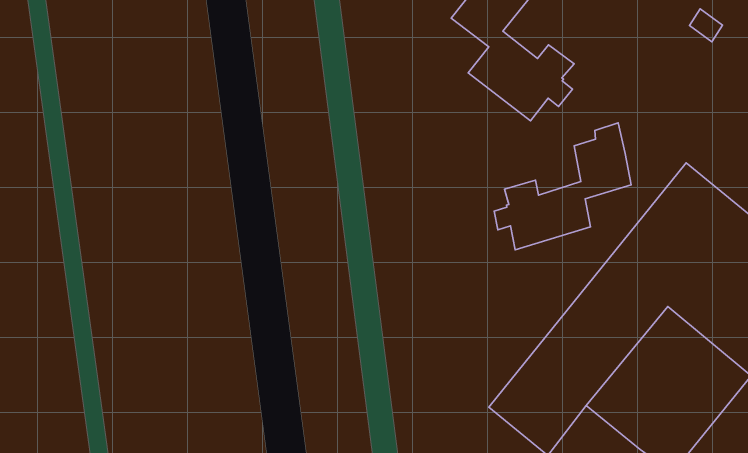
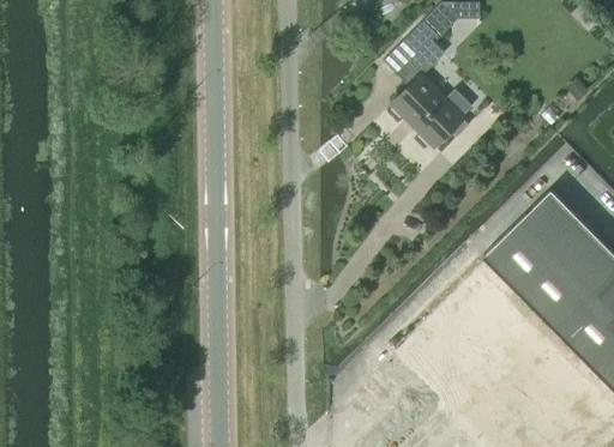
building: [494,123,631,250] -> none

